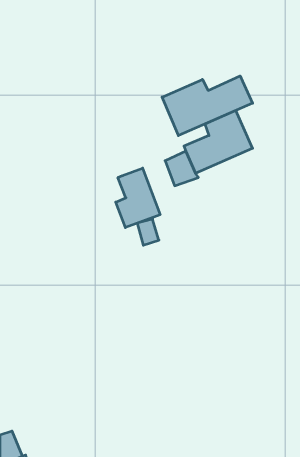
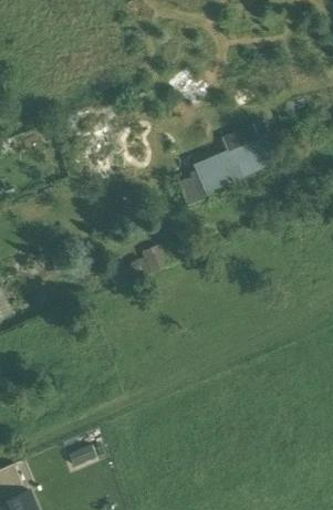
building: [162,76,253,136] -> none
building: [116,168,160,228] -> none

